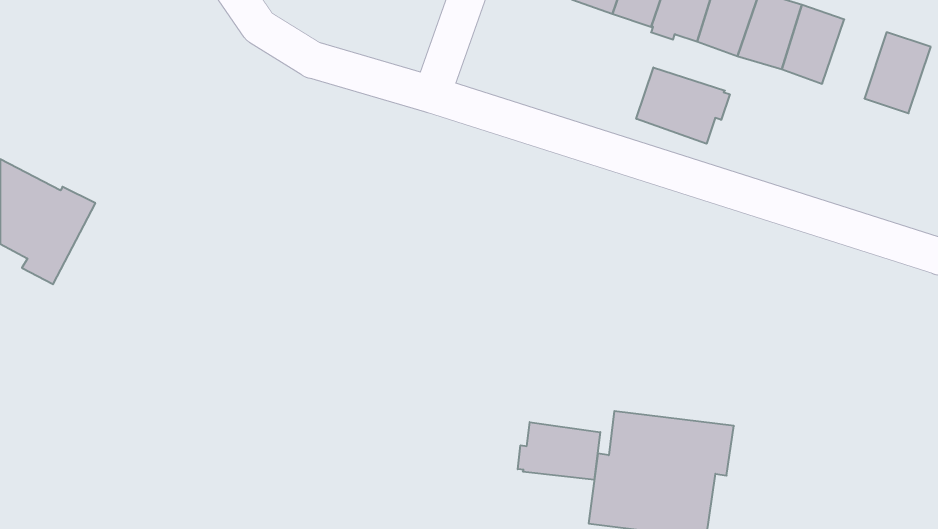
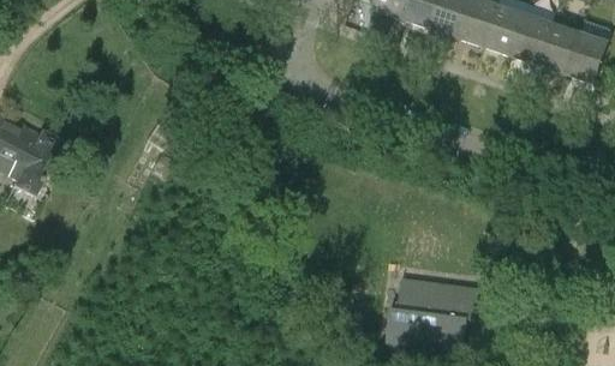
building: none -> [537,22,579,73]
building: [636,67,730,144] -> none
building: [518,422,600,480] -> none

